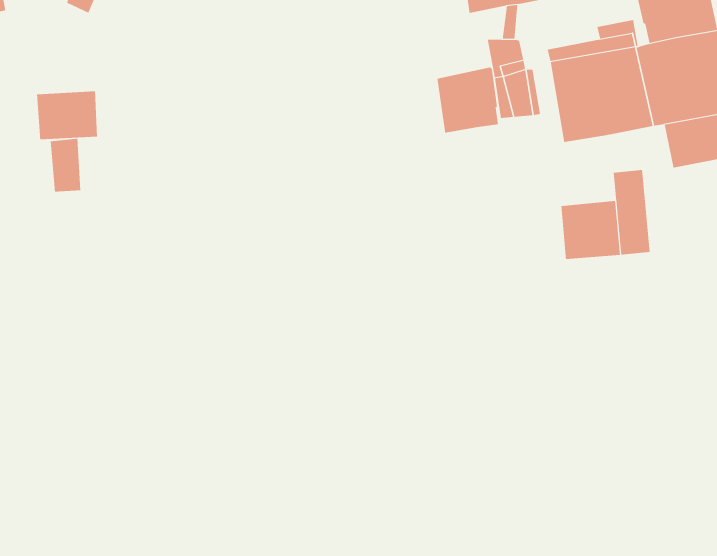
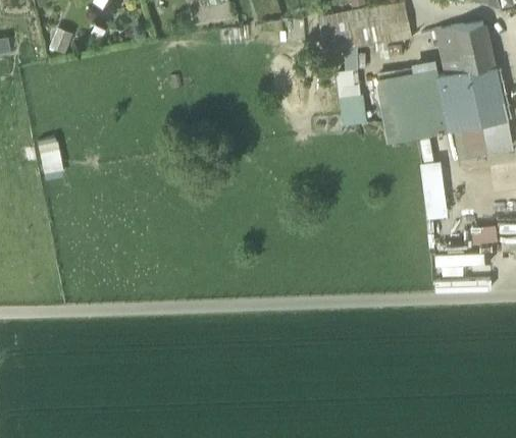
building: [437,67,499,134] -> none
building: [37,91,97,140] -> none
building: [561,200,620,260] -> none

